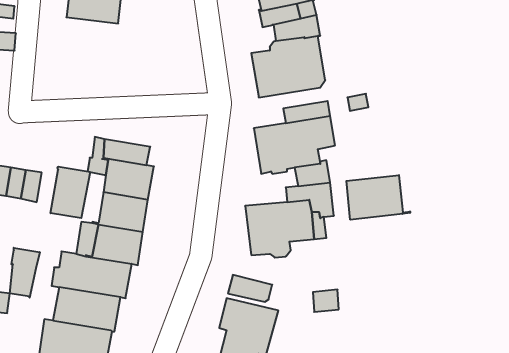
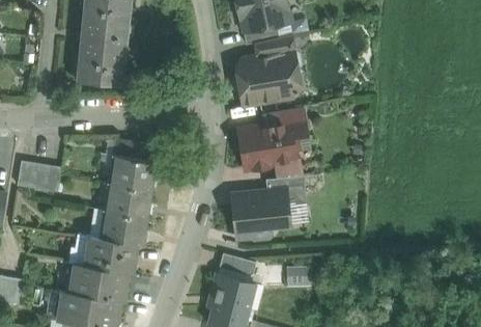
building: none -> [78,35,125,84]
building: [51,167,90,218] -> none
building: [346,175,410,220] -> none
building: [10,248,40,298] -> none

